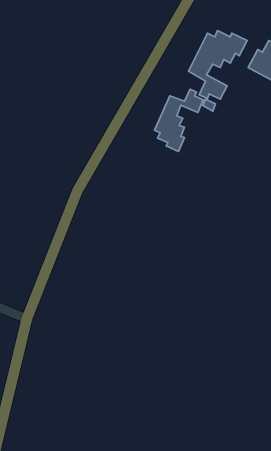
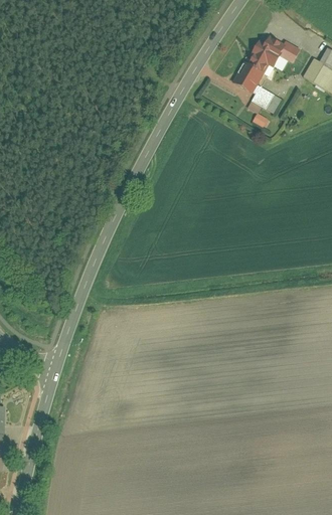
building: [154,89,203,152] -> none

